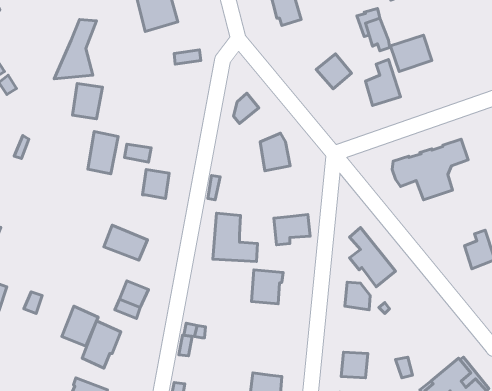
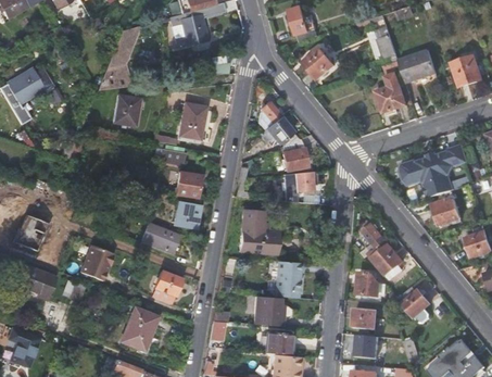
building: none -> [451,56,481,87]
building: [316,54,351,89] -> [303,48,335,79]
building: none -> [258,115,293,141]
building: [88,132,118,174] -> [179,101,206,139]
building: none -> [431,197,461,226]
building: none -> [174,200,200,227]
building: [274,215,310,245] -> [281,171,314,198]
building: none -> [399,286,430,323]
building: [62,306,98,346] -> [80,244,113,280]
building: none -> [254,296,291,326]
building: none -> [354,309,378,329]
building: none -> [263,331,292,355]

